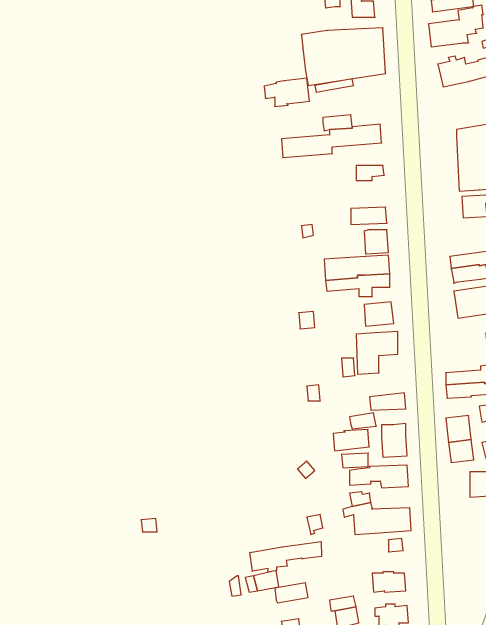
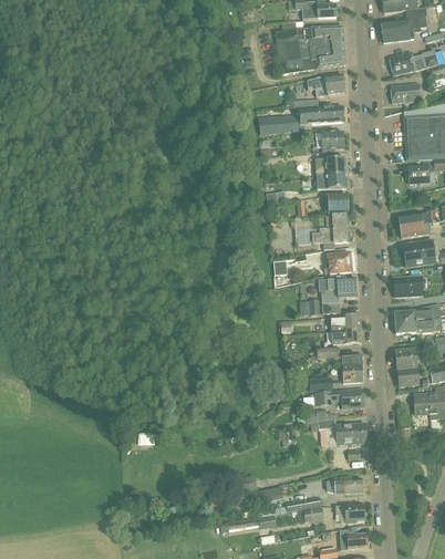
building: [264,78,310,106] -> [307,73,344,96]
building: none -> [391,82,421,102]
building: none -> [315,156,345,175]
building: none -> [394,275,422,296]
building: [333,429,369,451] -> [331,313,361,331]
building: [250,542,322,572] -> none

